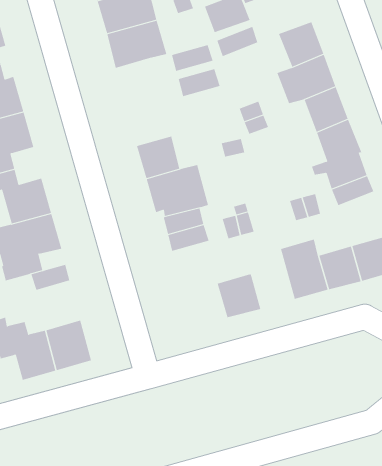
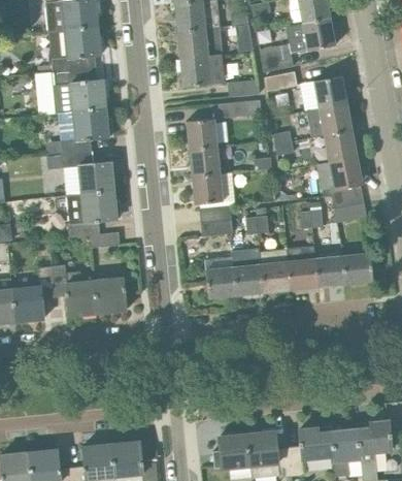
building: none -> [187,119,217,150]
building: none -> [260,249,291,293]
building: none -> [205,257,236,298]

